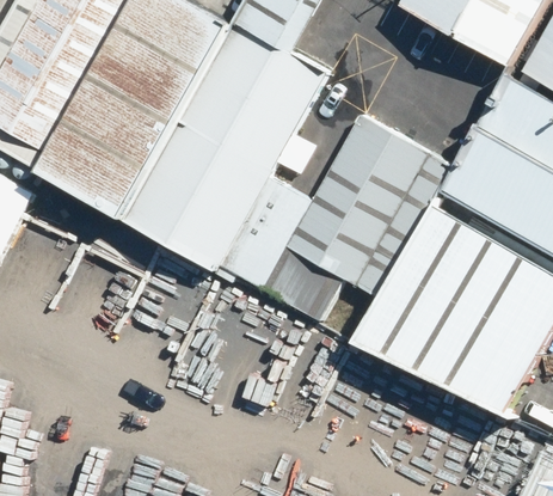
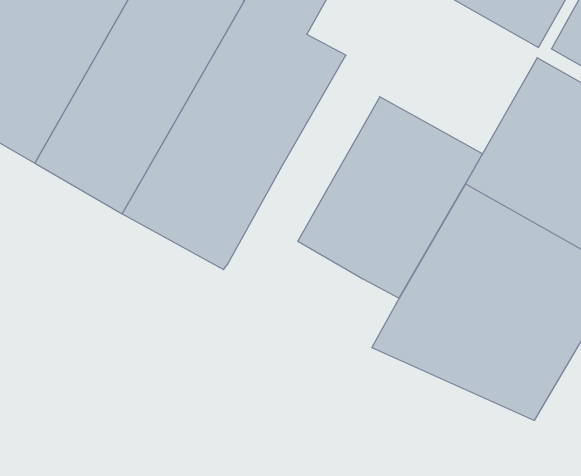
building: [222,177,346,323] -> none

